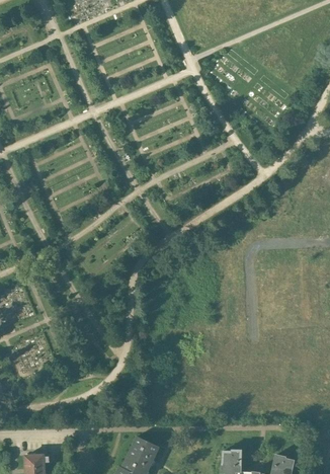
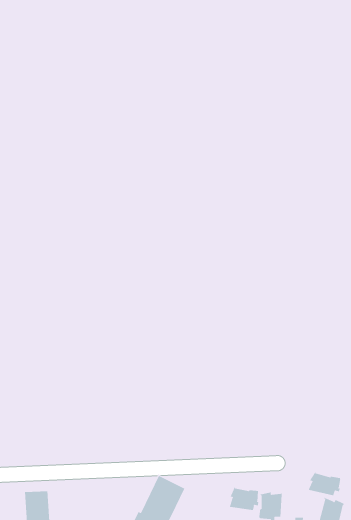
building: none -> [307,472,342,496]
building: none -> [229,487,260,511]

